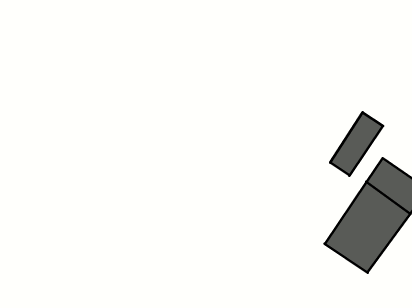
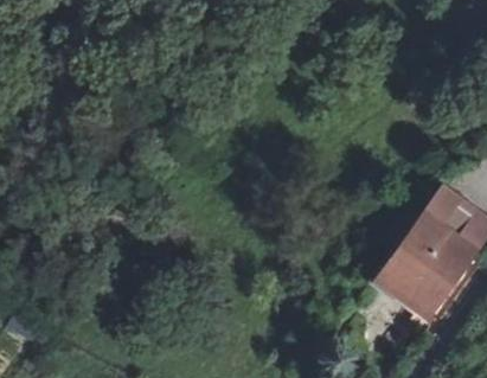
building: [330,112,383,176] -> none

